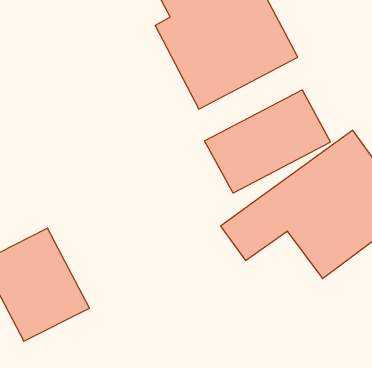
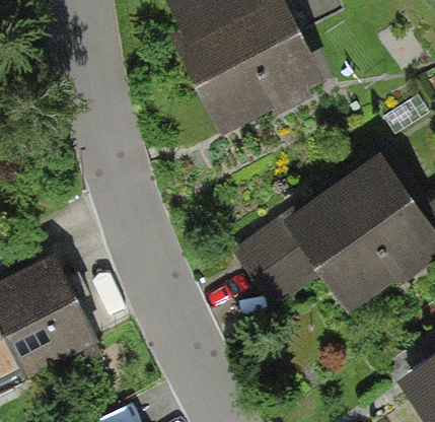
building: [204,90,331,193] -> none

